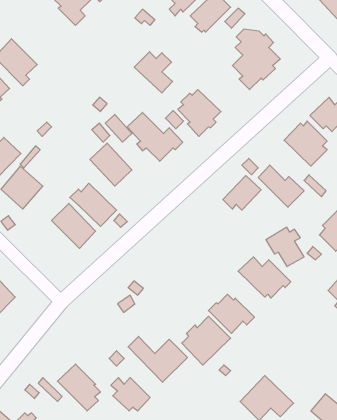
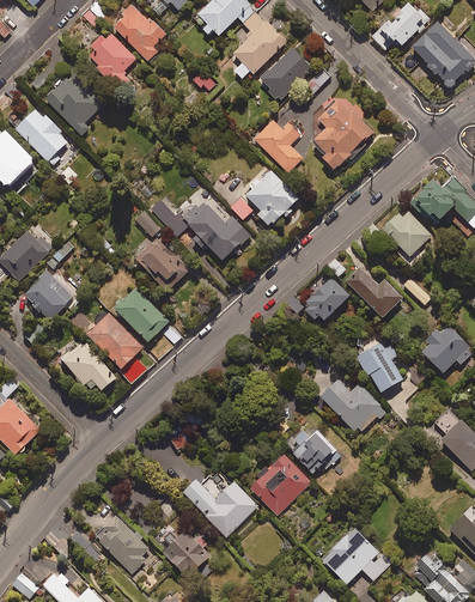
building: none -> [45,72,103,134]
building: [134,52,173,93] -> [254,120,302,171]
building: none -> [61,341,116,390]

